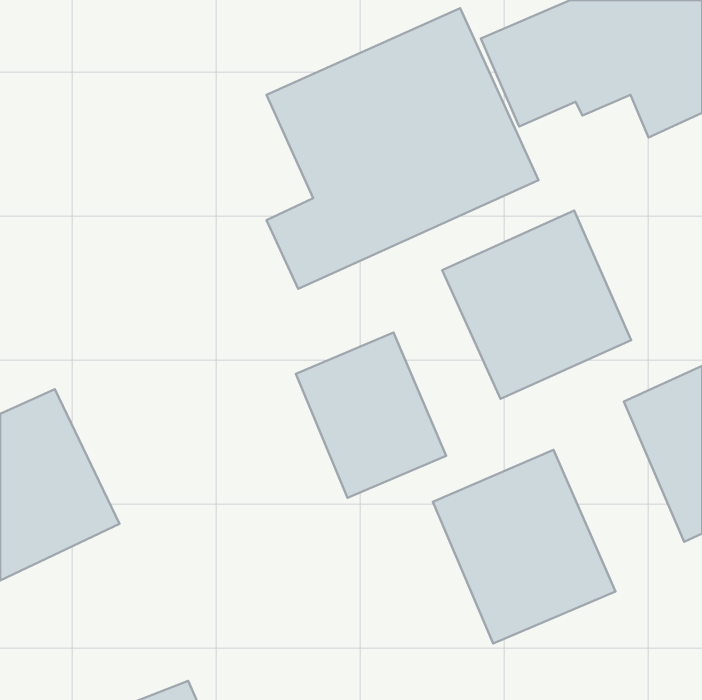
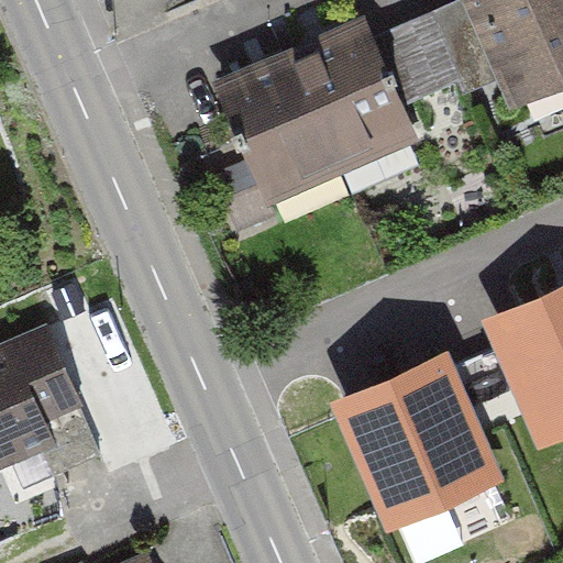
building: [442,210,631,399] -> none
building: [296,333,446,498] -> none

